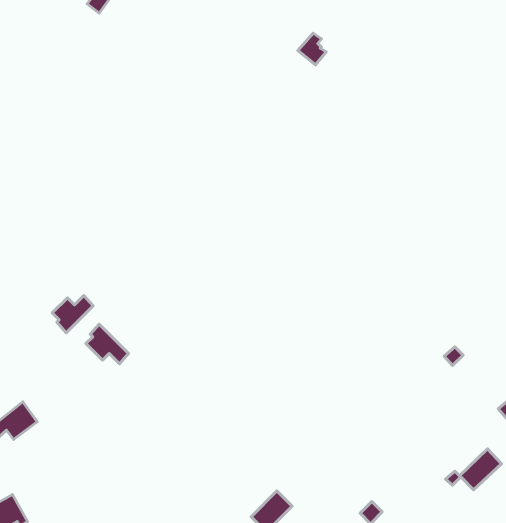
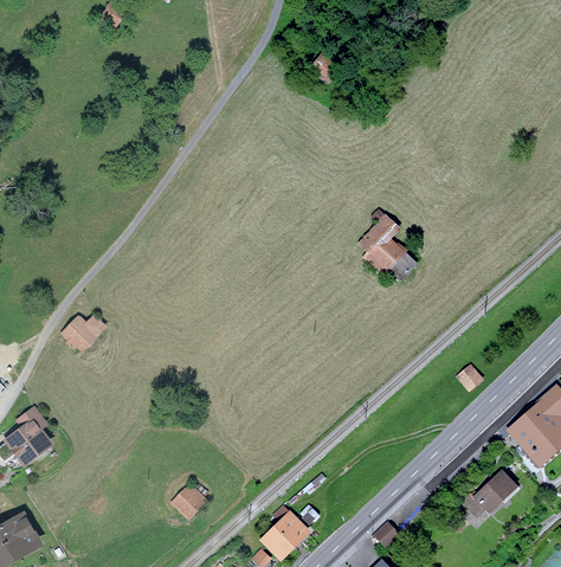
building: none -> [361,217,414,281]
building: [86,324,128,364] -> none
building: none -> [174,484,206,515]

